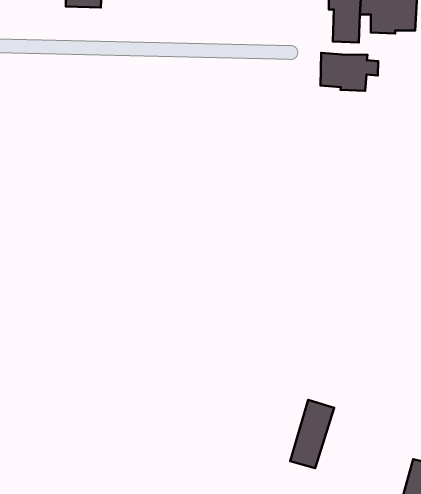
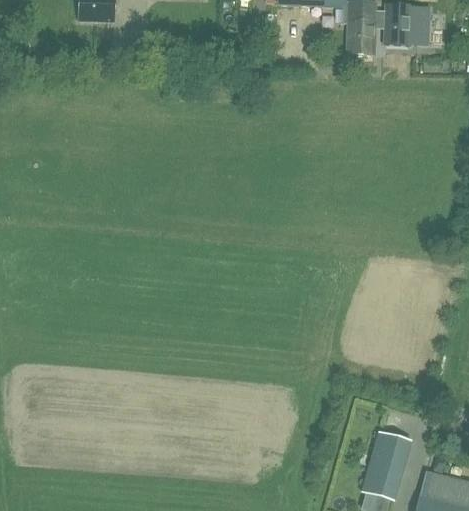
building: [320,53,378,91] -> none
building: [290,400,334,468] -> [363,431,407,499]

